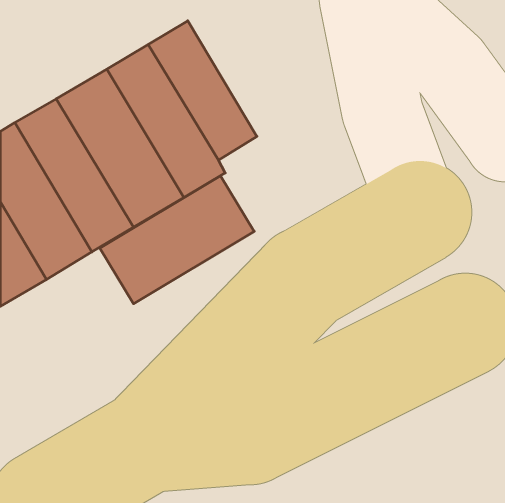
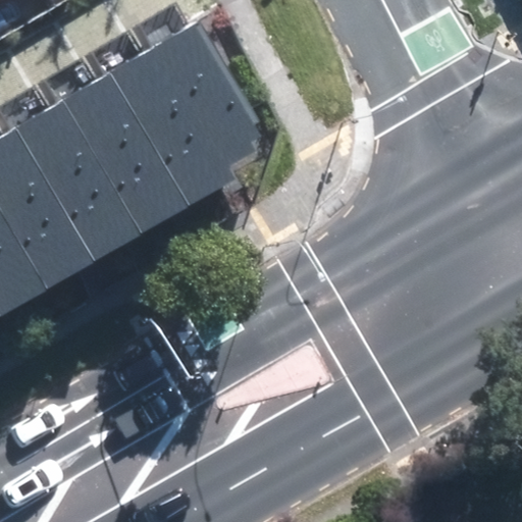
building: [100,176,254,304] -> none

